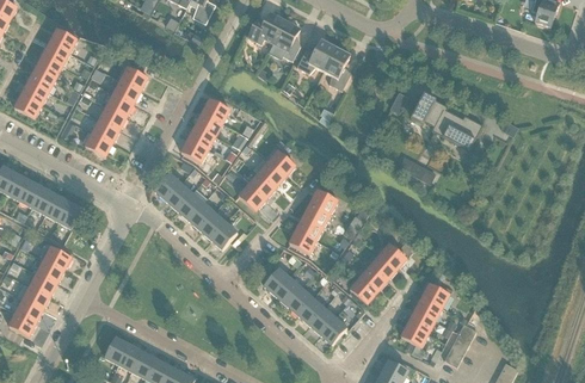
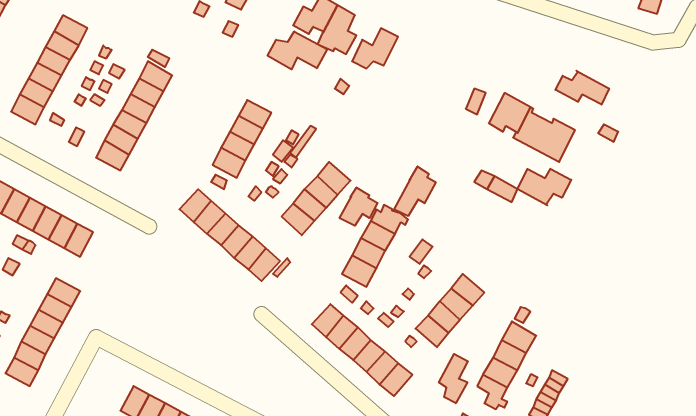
building: none -> [268,31,327,69]
building: [322,45,350,89] -> none
building: none -> [555,71,609,105]
building: none -> [394,166,436,216]
building: none -> [517,169,571,205]
building: none -> [340,187,378,226]
building: none -> [439,354,468,403]

